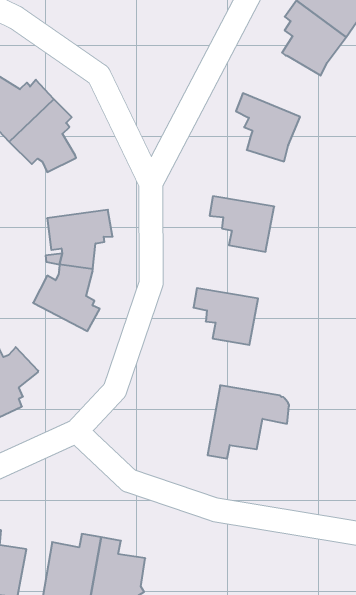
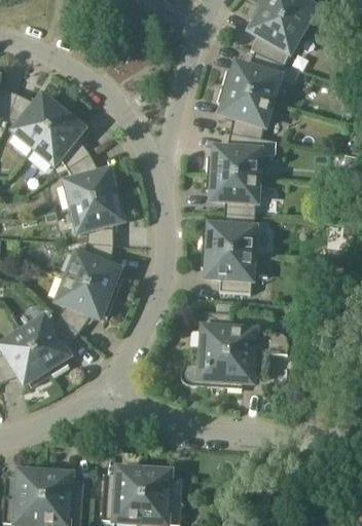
building: none -> [221,52,284,102]
building: none -> [206,134,275,178]
building: none -> [65,155,120,208]
building: none -> [201,214,254,255]
building: none -> [57,278,114,334]
building: none -> [179,312,229,388]

